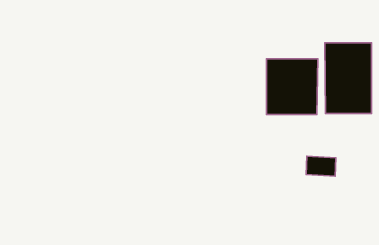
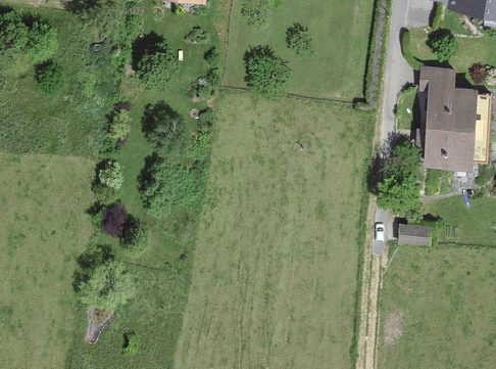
building: [267,59,318,114] -> none

